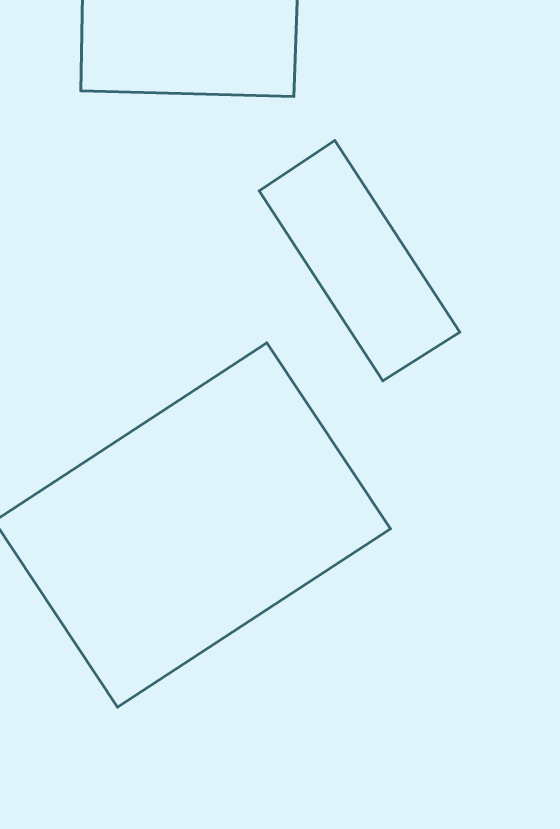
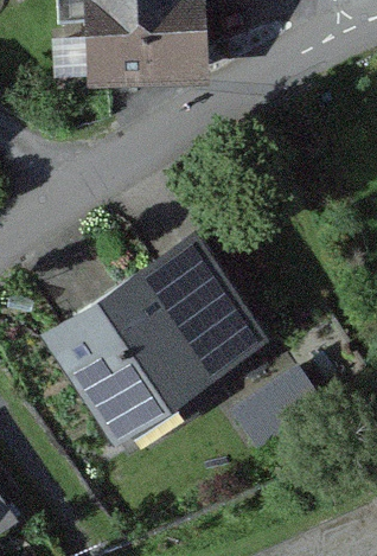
building: [259,140,460,381] -> none

